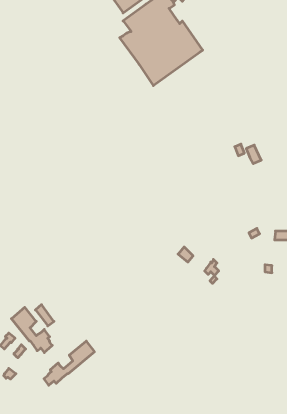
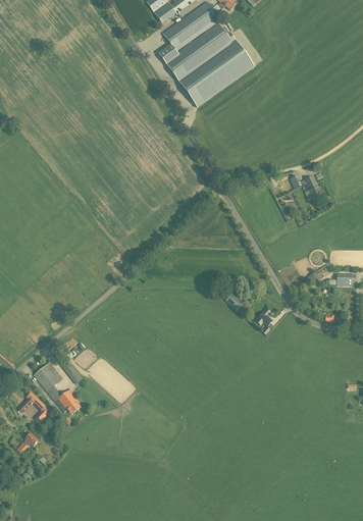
building: [44,341,94,385] -> none

